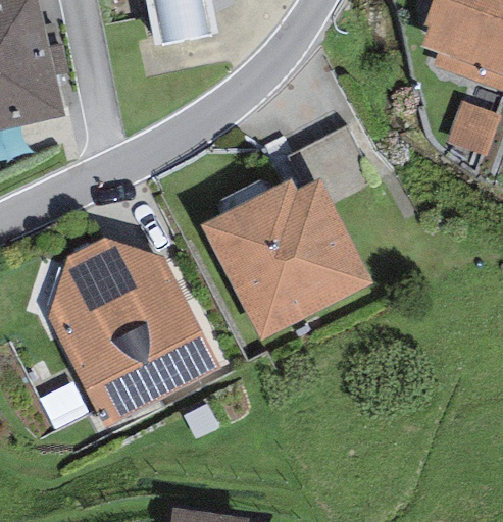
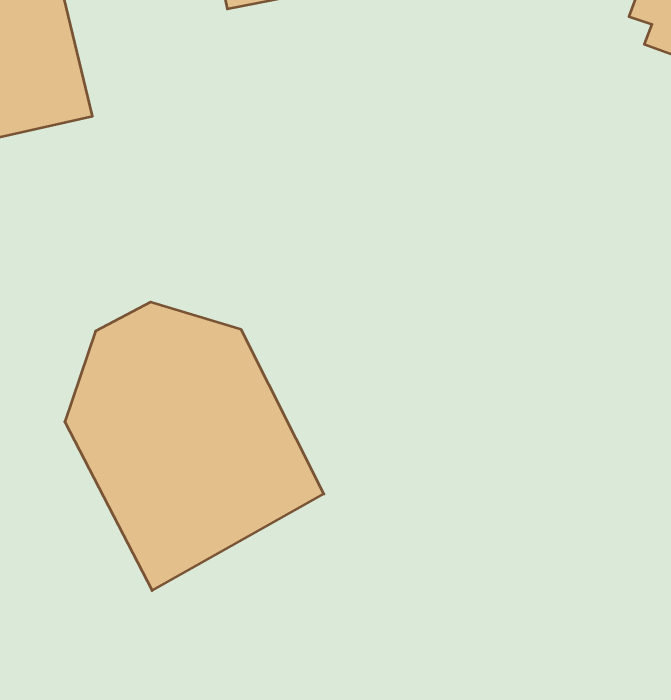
building: [200,177,371,341] -> none

